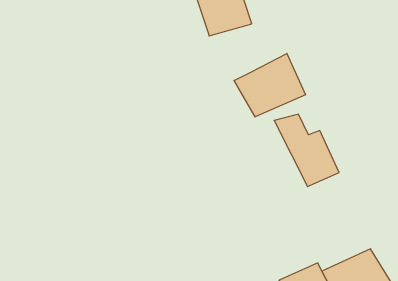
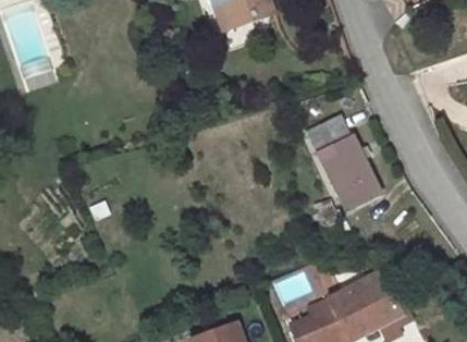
building: [234,53,305,117] -> none

